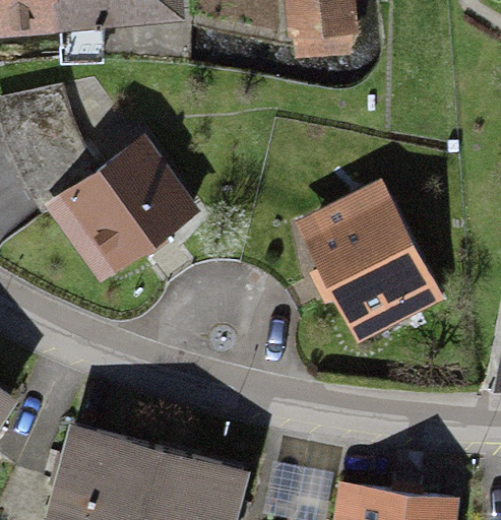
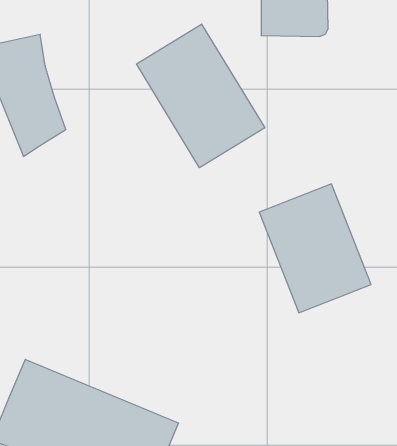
building: none -> [136,24,265,168]
building: [63,141,191,267] -> none

